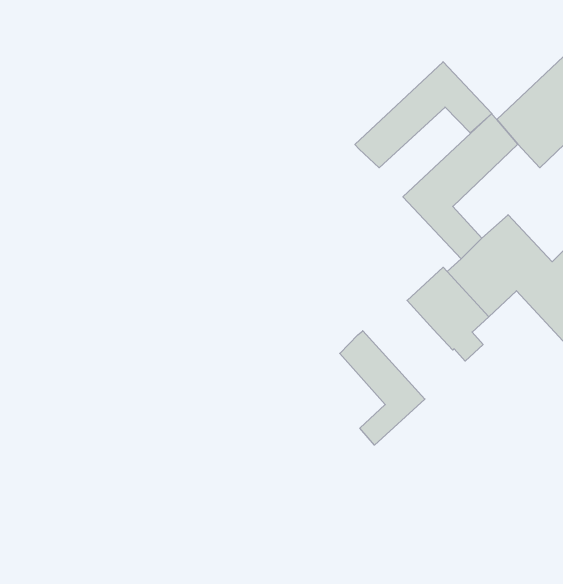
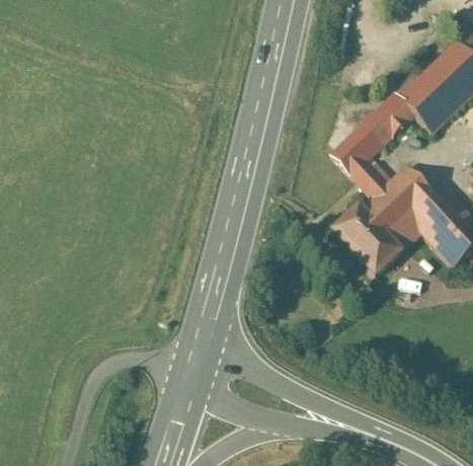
building: [355,62,492,168] -> none
building: [340,331,425,445] -> none

